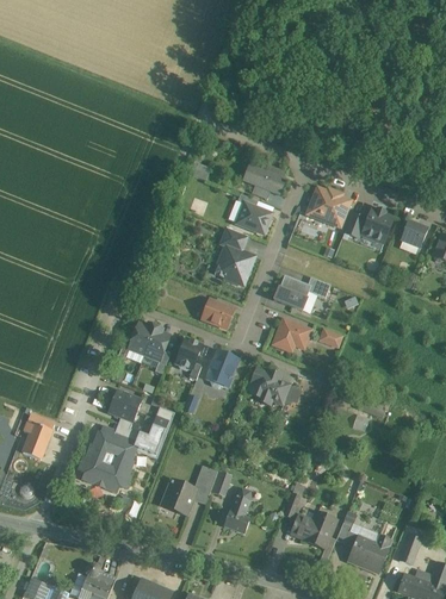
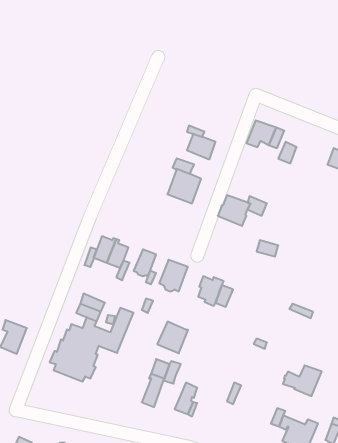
building: [248,167,284,196] -> none
building: [361,208,394,243] -> none
building: [202,299,234,329] -> none
building: [272,318,311,349] -> none
building: [160,479,196,516] -> [157,322,188,353]
building: [291,512,336,548] -> [283,365,322,396]

